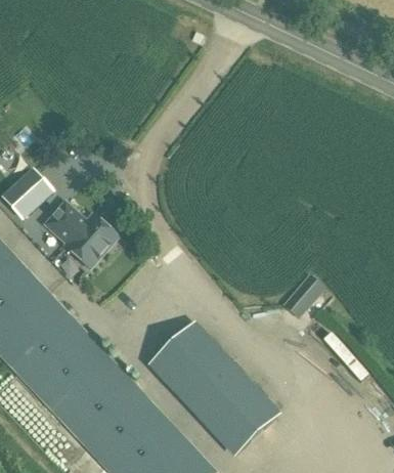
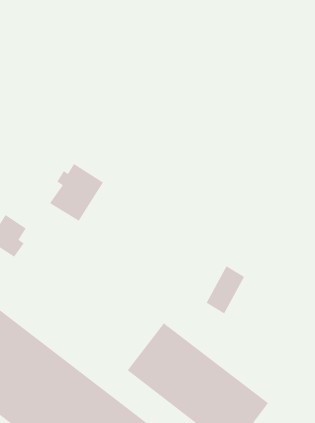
building: [63,213,117,267] -> [49,163,104,221]
building: [282,272,322,316] -> [206,266,245,314]

